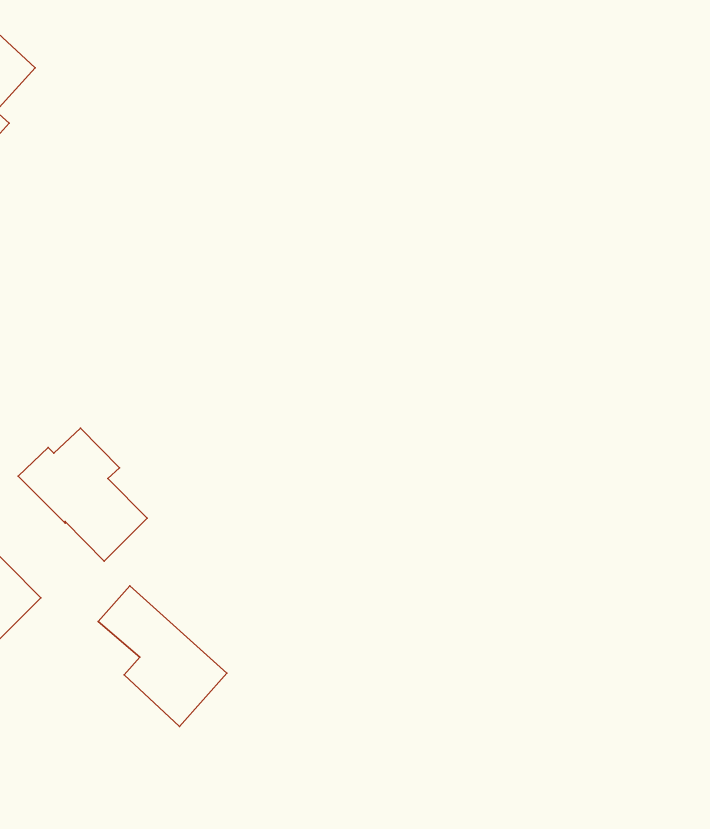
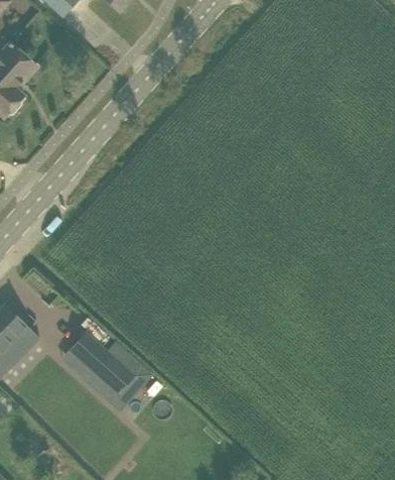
building: [18,428,147,561] -> none

